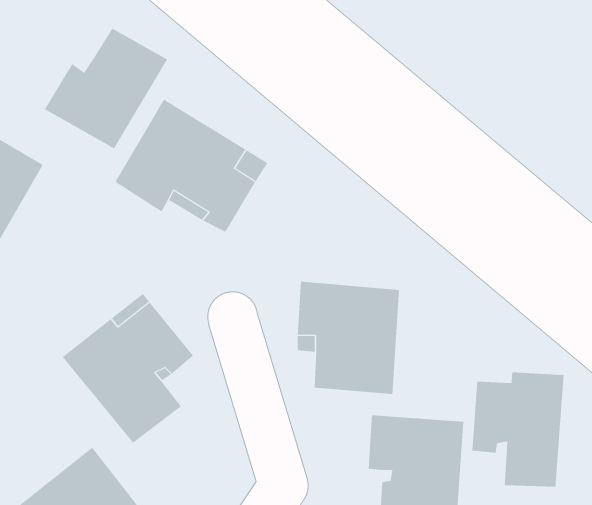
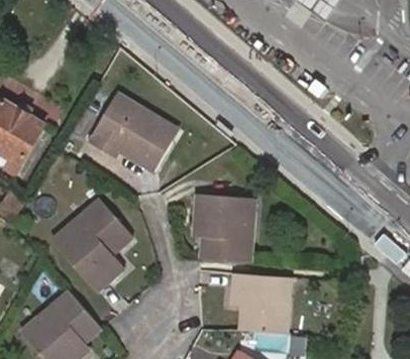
building: [44,28,168,149] -> none
building: [472,372,564,488] -> none

